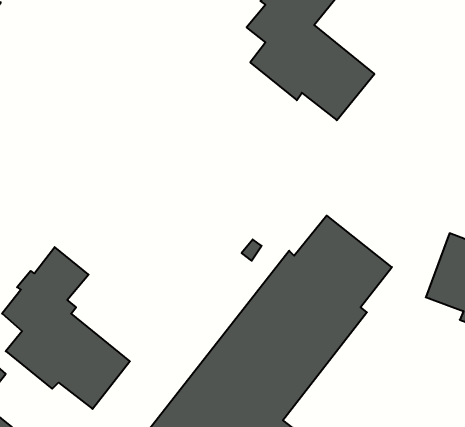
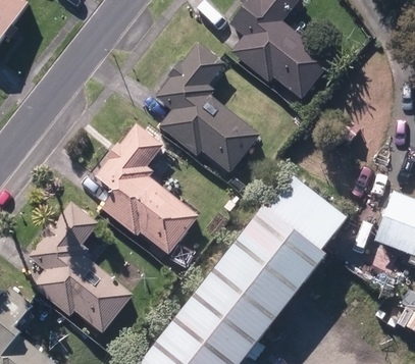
building: none -> [154,43,260,172]
building: none -> [94,123,198,254]

